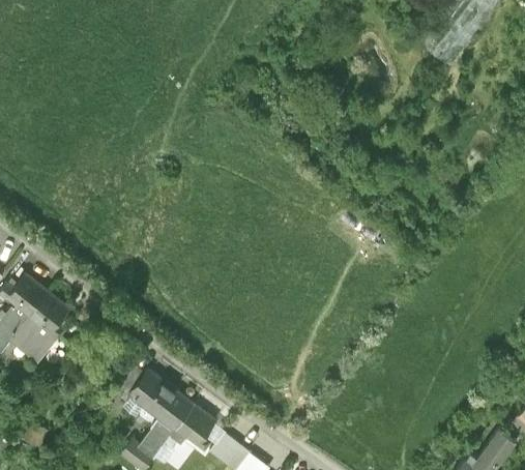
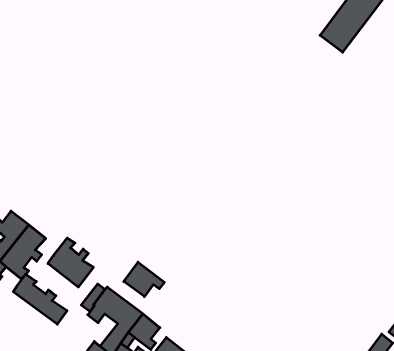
building: none -> [48,238,93,287]
building: none -> [124,262,164,297]
building: none -> [13,274,67,324]

